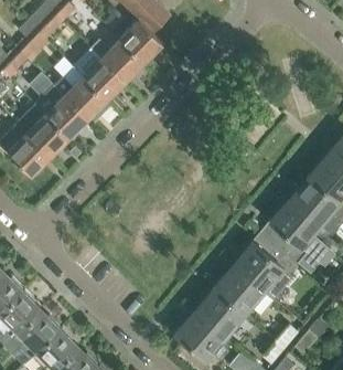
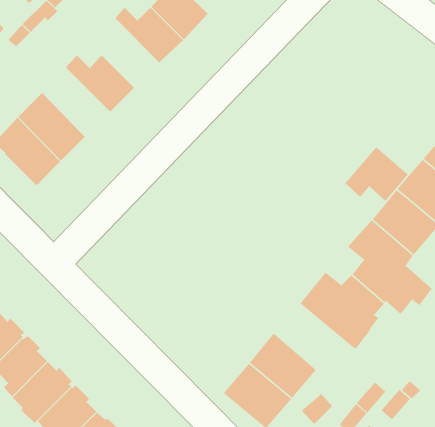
building: [82,47,126,101] -> none
building: [36,85,88,138] -> none
building: none -> [345,146,409,202]
building: [213,265,274,316] -> none

